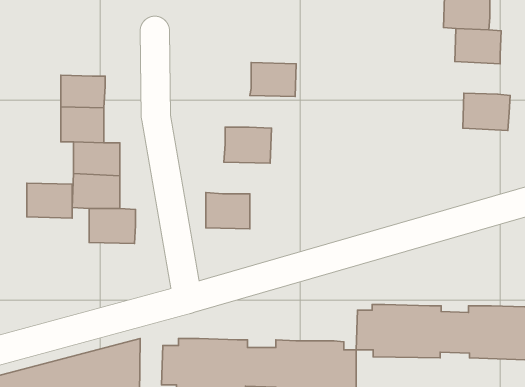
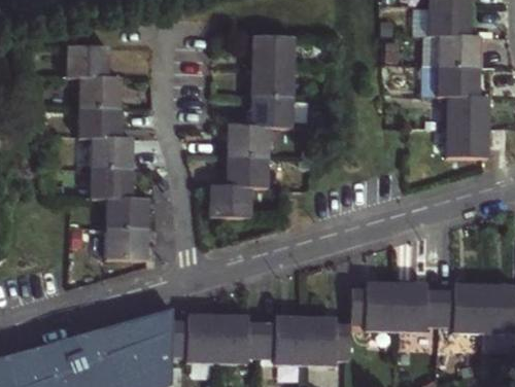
building: none -> [252,34,294,65]
building: none -> [67,44,109,76]
building: none -> [436,63,479,93]
building: none -> [250,94,293,124]
building: none -> [444,124,486,155]
building: none -> [227,154,270,184]
building: [27,183,72,218] -> [105,227,146,259]

